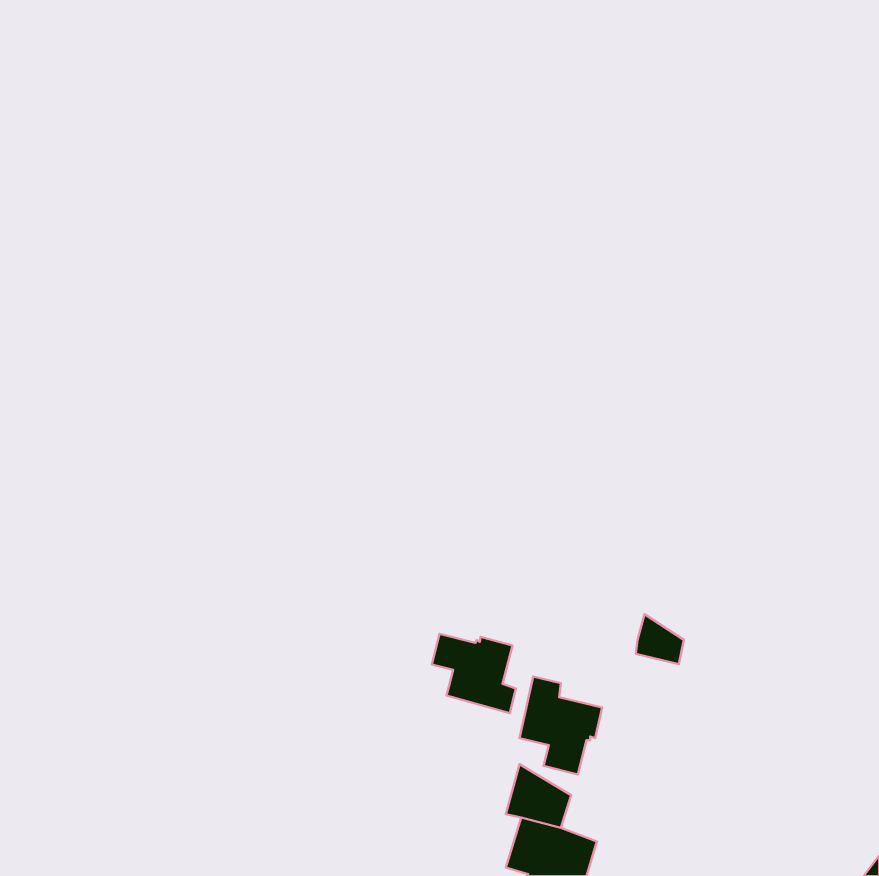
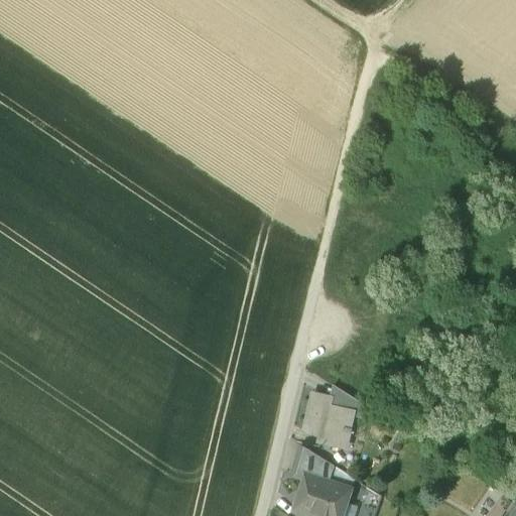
building: [636,614,684,664] -> [328,385,356,414]
building: [432,634,516,713] -> none

